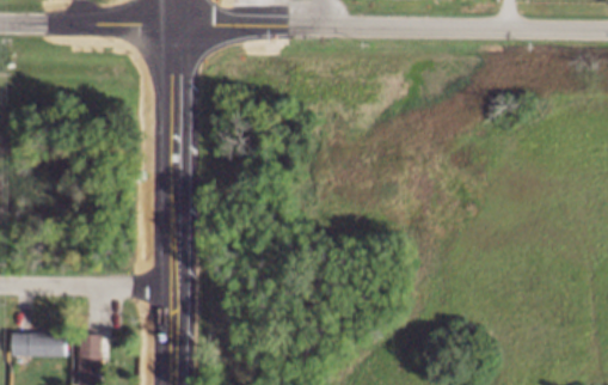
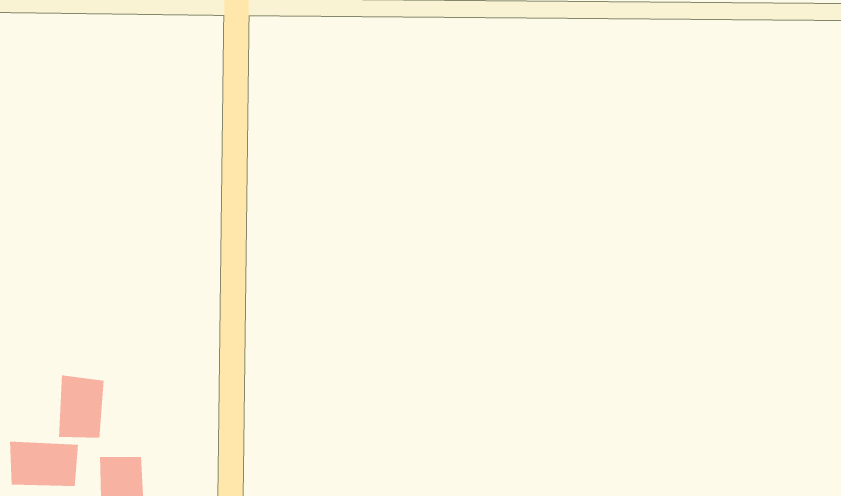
building: none -> [58,374,104,438]

